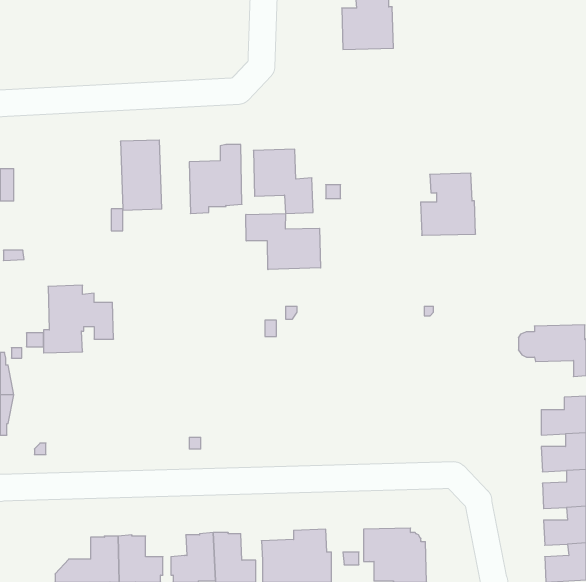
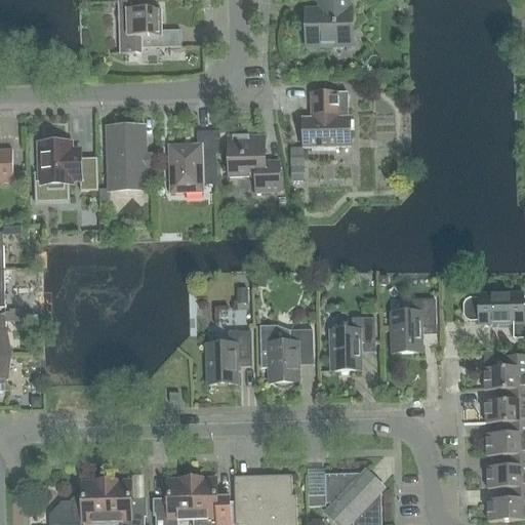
building: none -> [111,6,180,51]
building: [421,173,476,235] -> [301,90,351,146]
building: [246,214,321,270] -> none
building: [44,285,114,353] -> [35,140,97,201]
building: none -> [390,297,436,352]
building: none -> [329,316,374,369]
building: none -> [259,323,313,388]
building: none -> [206,329,251,383]

